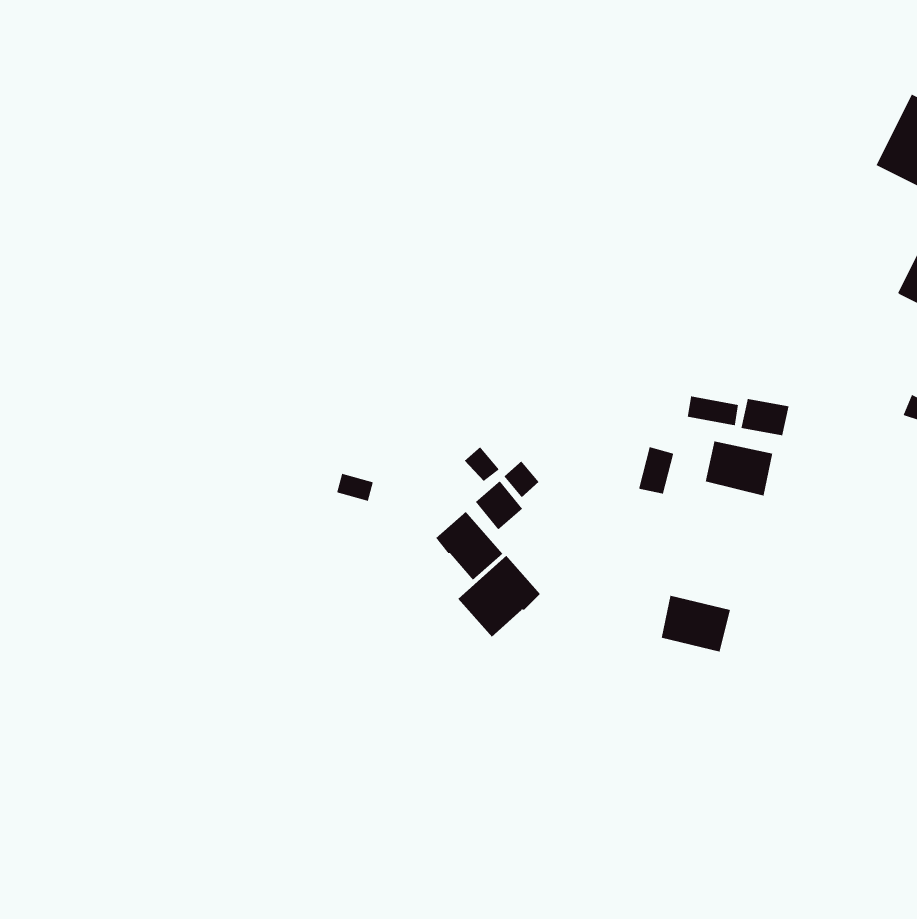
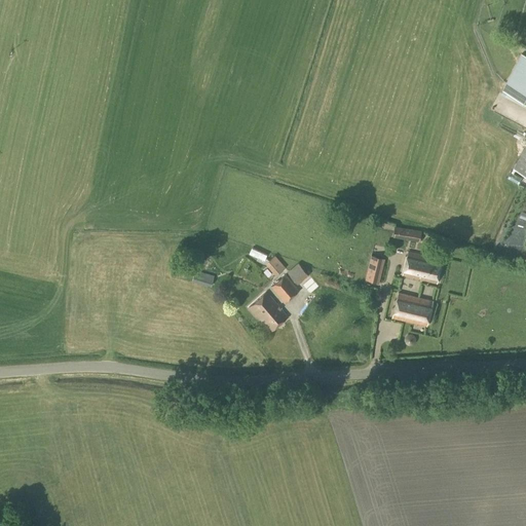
building: [741,398,789,436] -> none
building: [457,555,541,637] -> none
building: [661,595,731,652] -> [393,293,434,326]

